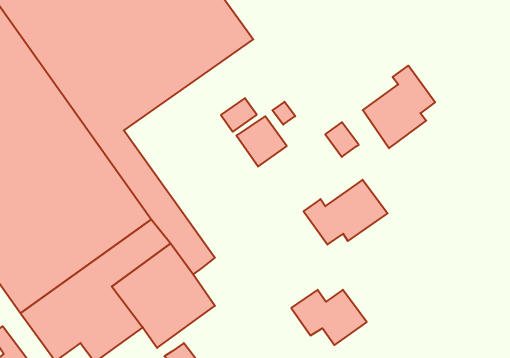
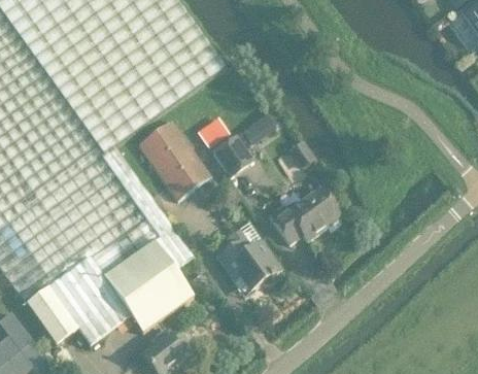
building: [363,66,435,148] -> none
building: none -> [138,120,211,199]
building: [291,290,367,345] -> [217,240,282,287]

